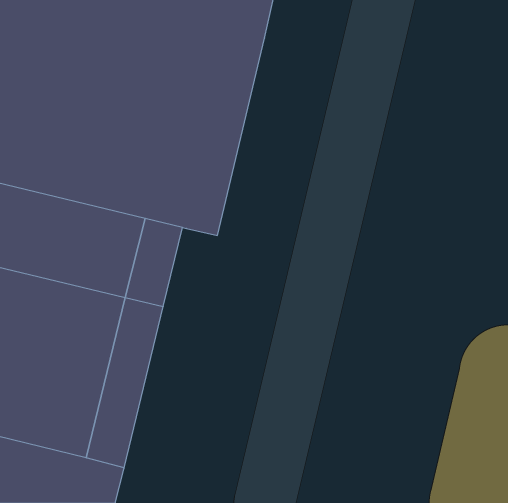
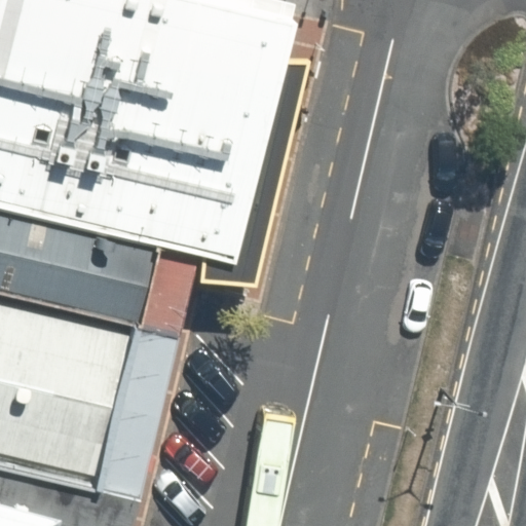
building: none -> [188,39,299,266]

